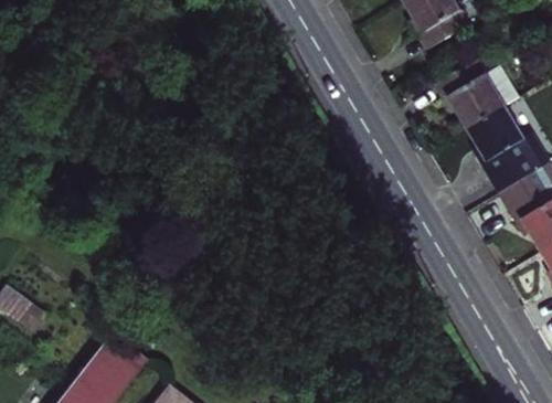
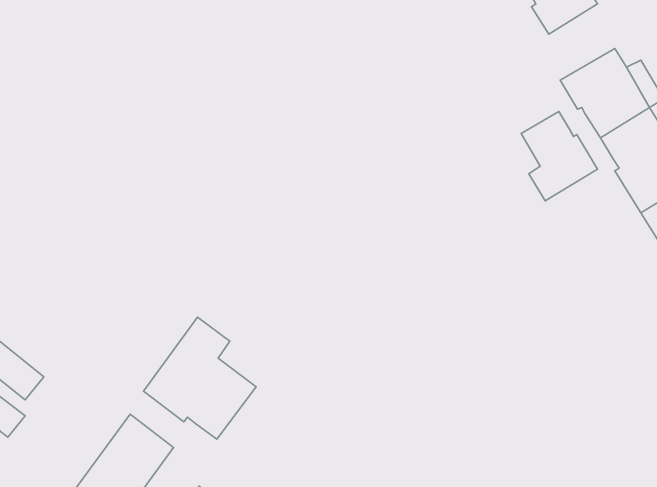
building: none -> [521,111,597,201]
building: none -> [143,317,256,439]

